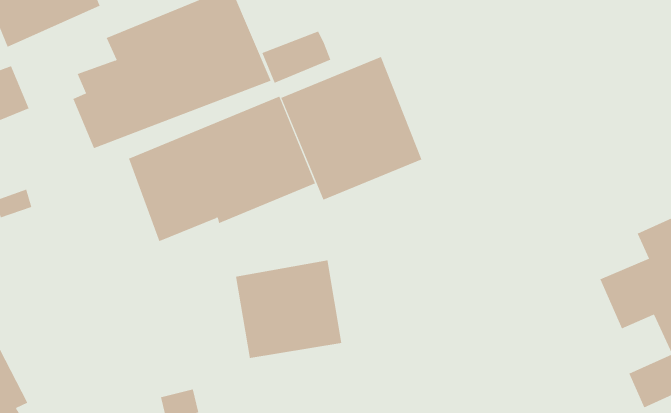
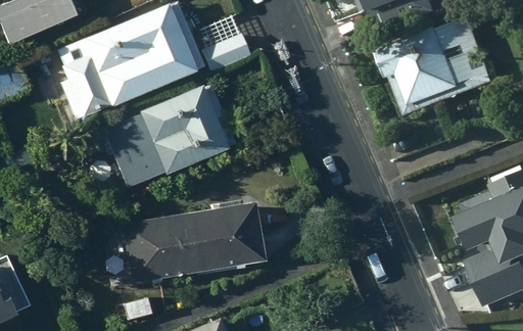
building: none -> [368,14,485,116]
building: [280,56,422,200] -> none
building: none -> [113,214,192,285]

